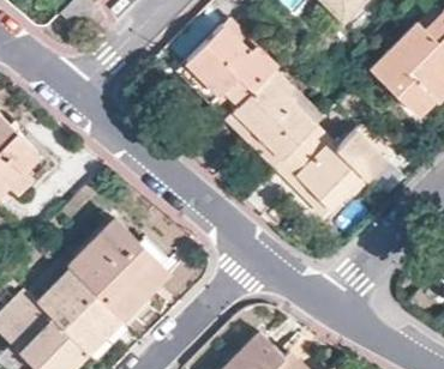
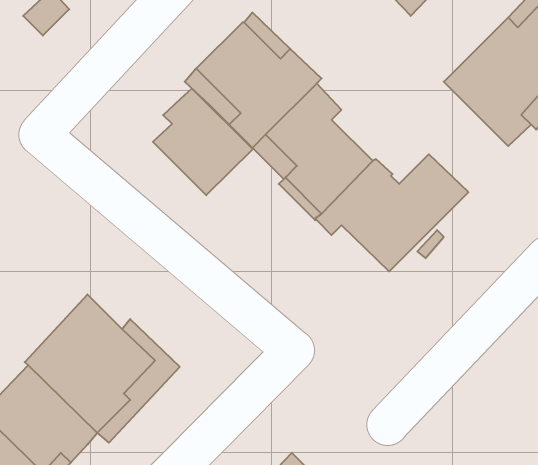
building: none -> [153,89,253,195]

